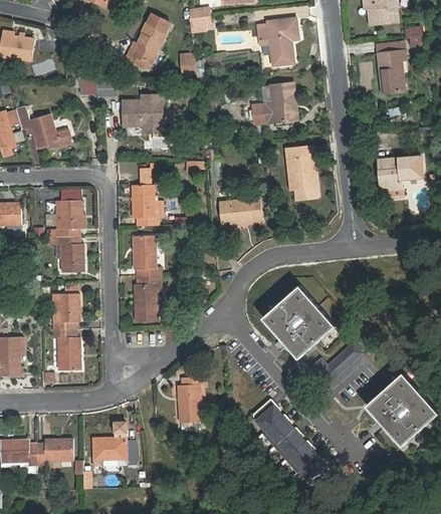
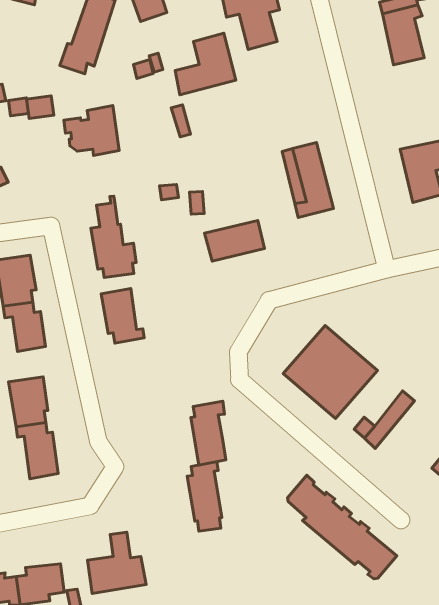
building: [252,82,297,124] -> [175,33,236,95]
building: [134,275,160,321] -> [191,401,226,465]

